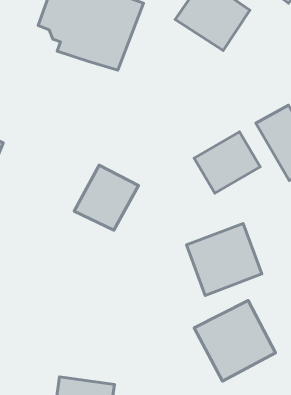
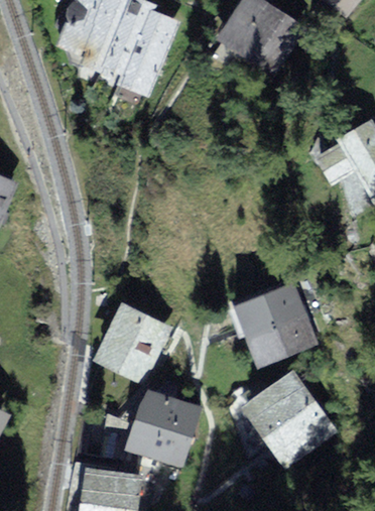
building: [194,132,260,193] -> none
building: [74,165,139,230] -> [94,304,169,381]
building: none -> [127,389,204,468]

